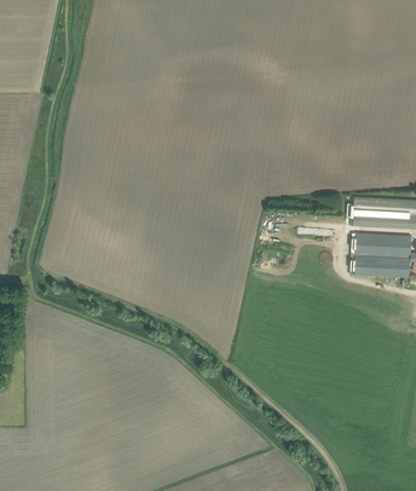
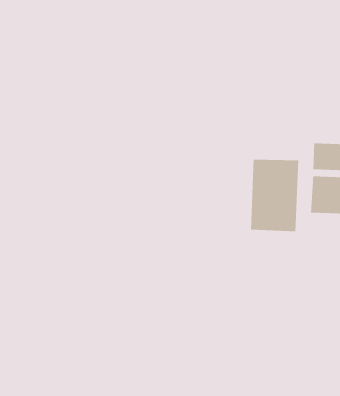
building: none -> [250,159,299,232]

